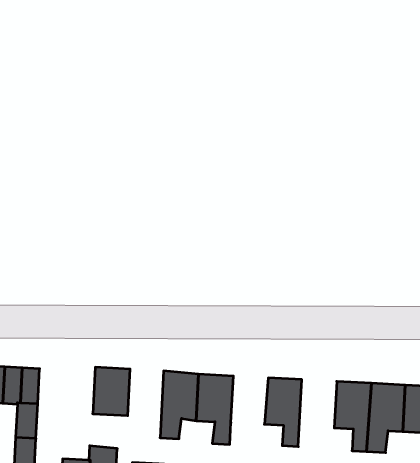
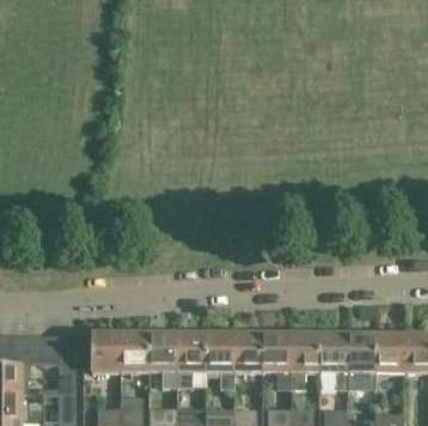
building: none -> [92,331,121,370]
building: none -> [149,331,177,387]
building: none -> [234,333,263,371]
building: none -> [291,333,319,388]

